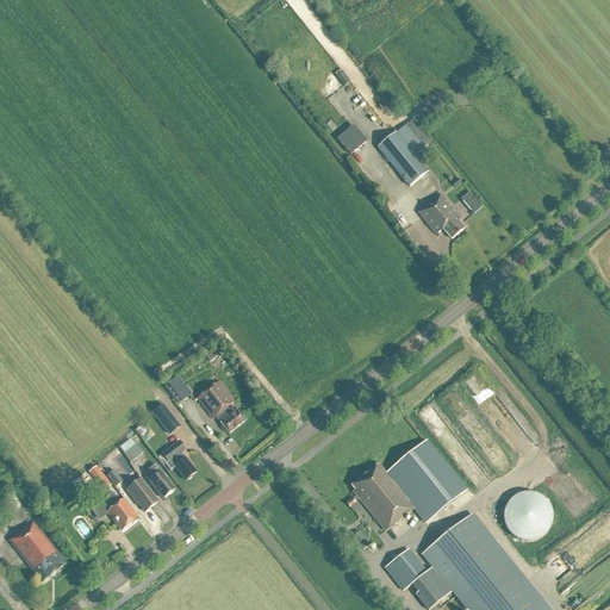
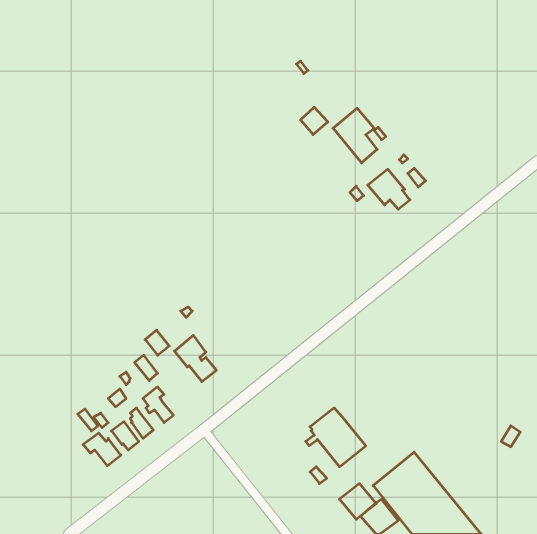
building: [388,442,467,522] -> none
building: [503,491,552,540] -> none
building: [8,519,66,580] -> none

